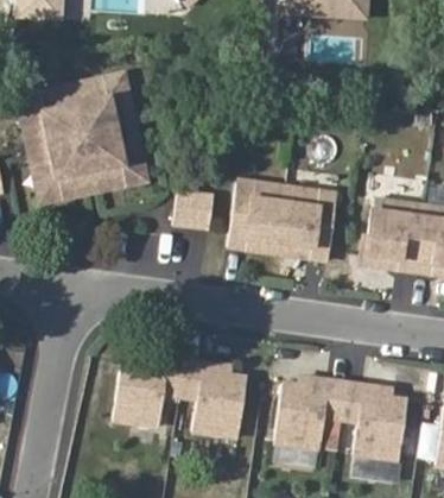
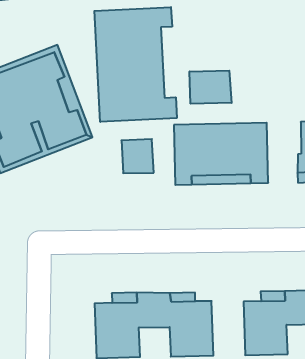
building: none -> [94,7,177,122]
building: none -> [190,71,232,104]

